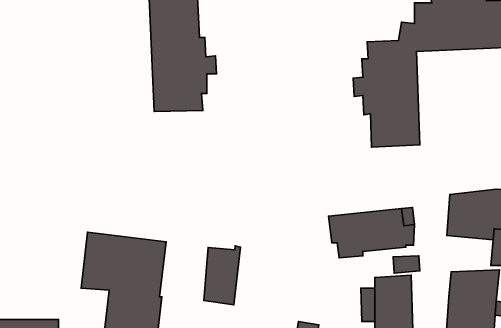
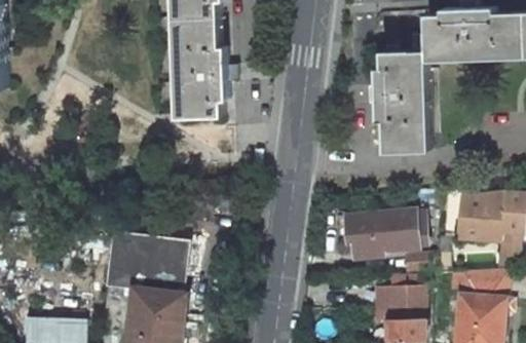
building: [204,246,240,305] -> none

